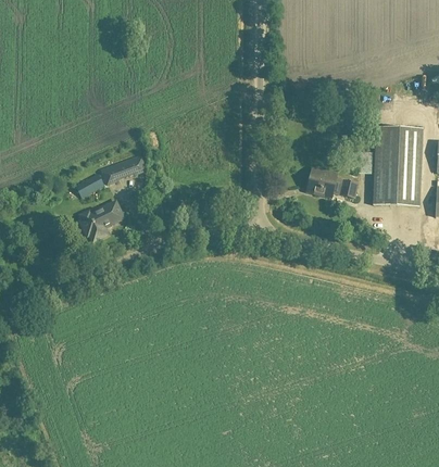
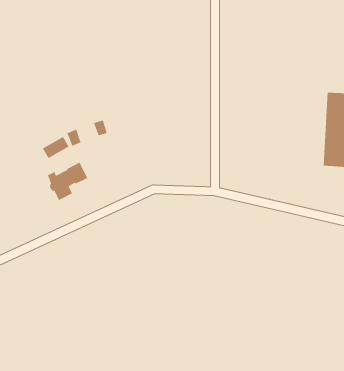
building: [306,167,358,198] -> none

